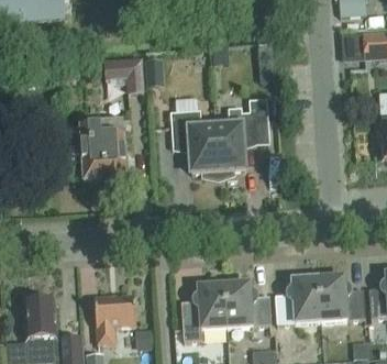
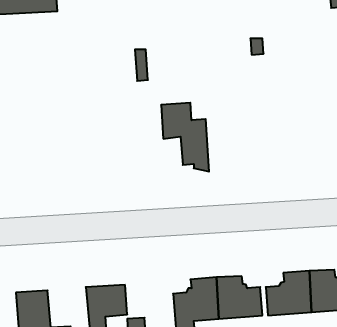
building: [103,56,143,90] -> none
building: [214,99,275,179] -> none
building: [79,118,126,183] -> none

